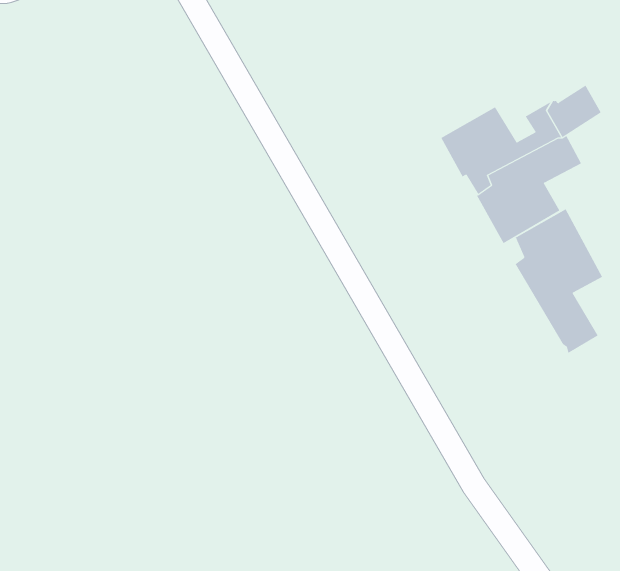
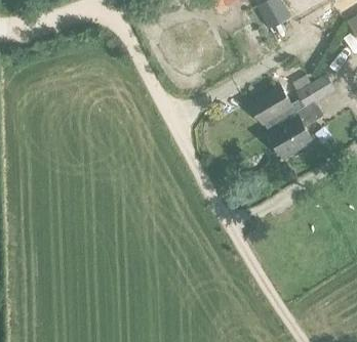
building: [514,209,603,354] -> none

